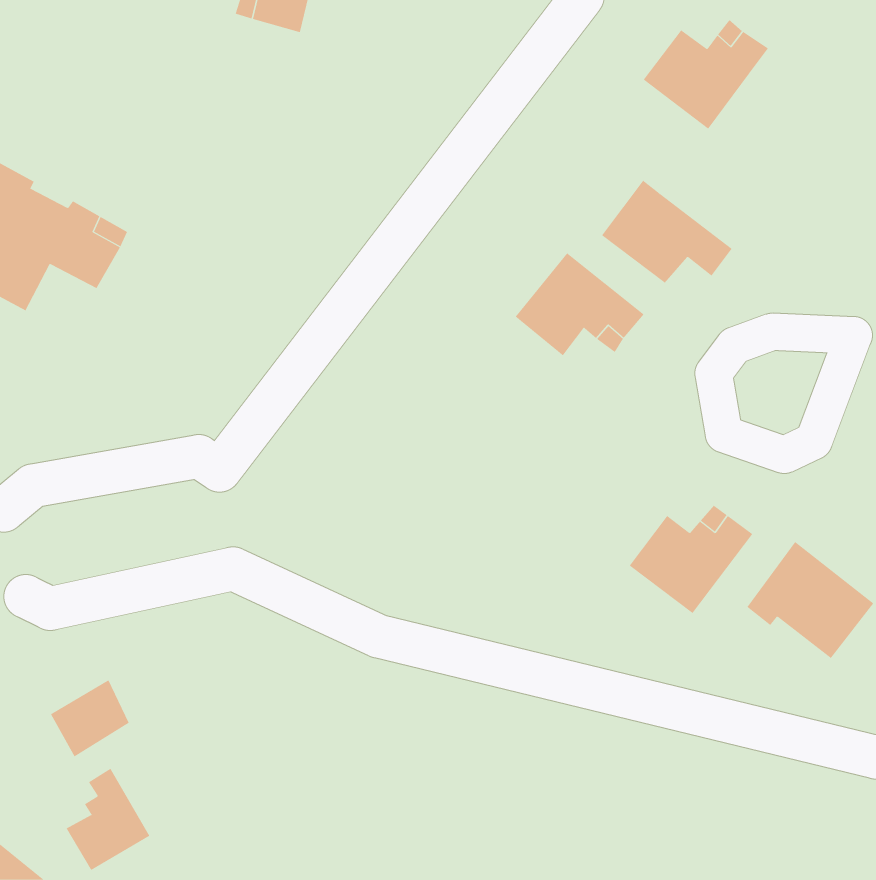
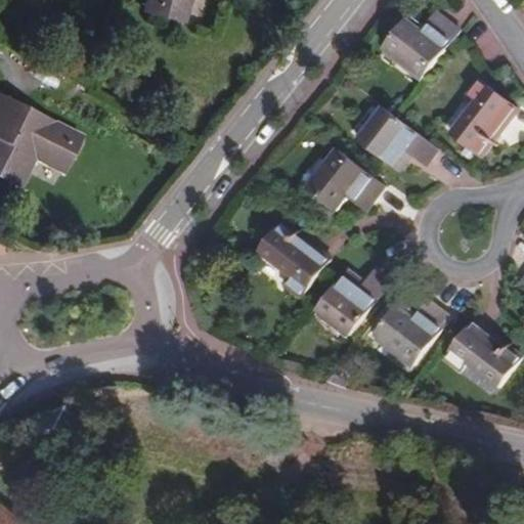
building: none -> [446,78,515,154]
building: none -> [256,222,328,296]
building: none -> [313,267,388,335]
building: [66,768,150,871] -> none

